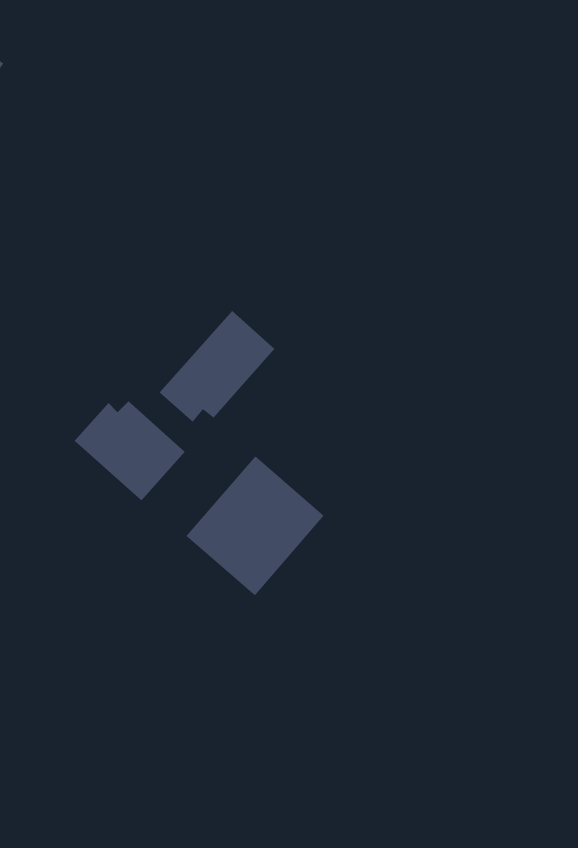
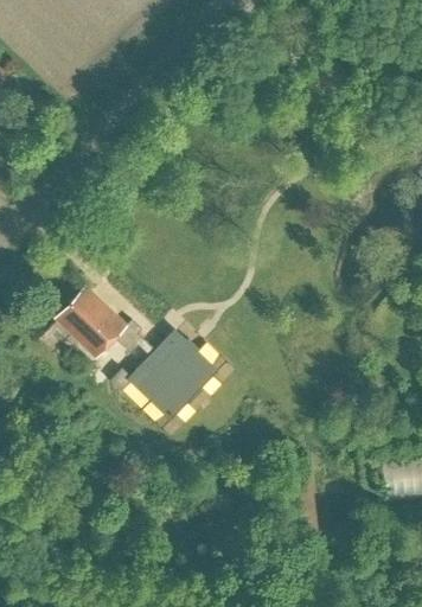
building: [159,310,275,422] -> none

